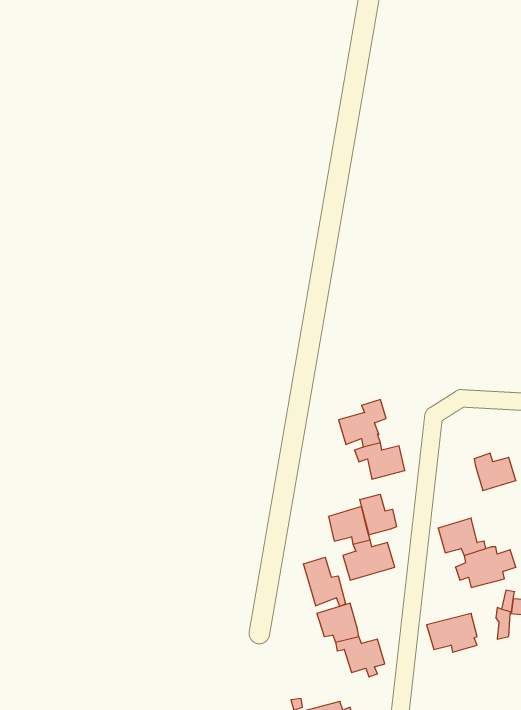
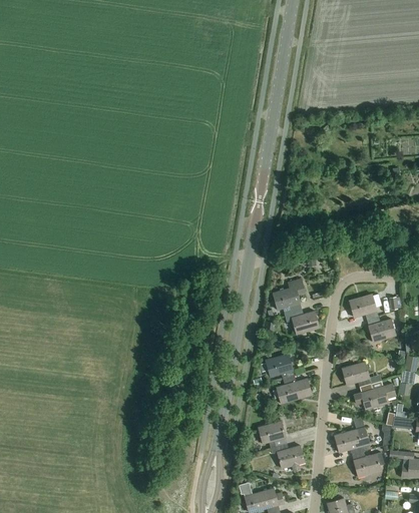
building: none -> [349,293,381,320]
building: [360,494,396,535] -> none
building: [303,557,346,606] -> none
building: none -> [352,451,384,476]

